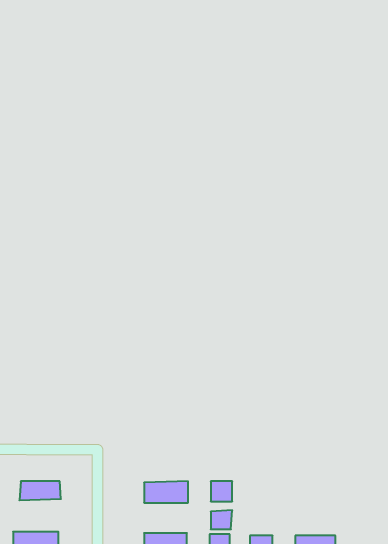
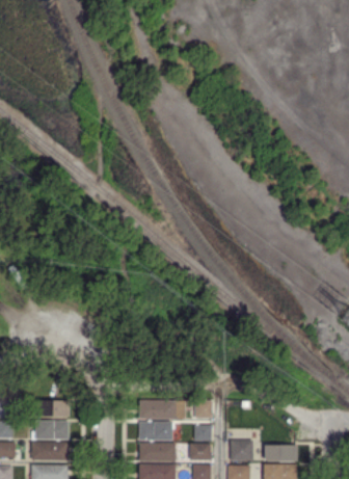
building: none -> [31,421,69,438]
building: none -> [140,421,172,441]

